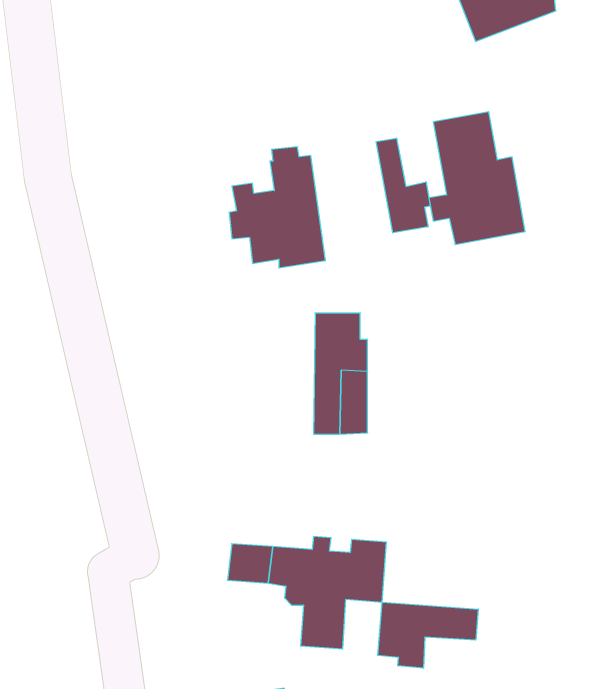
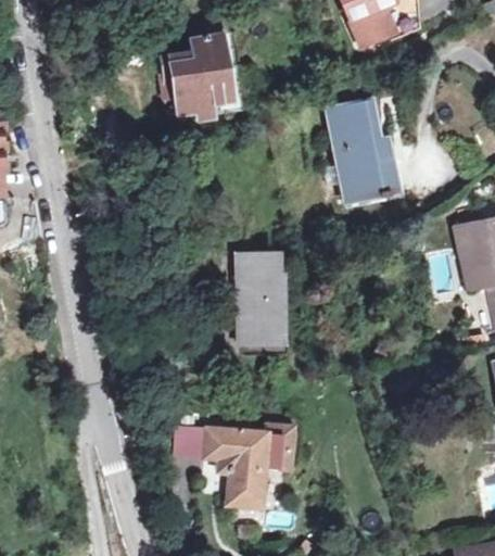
building: [376,138,430,233] -> none
building: [229,147,325,268] -> [161,27,232,117]
building: [378,602,478,668] -> none

